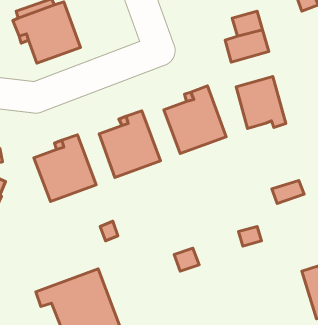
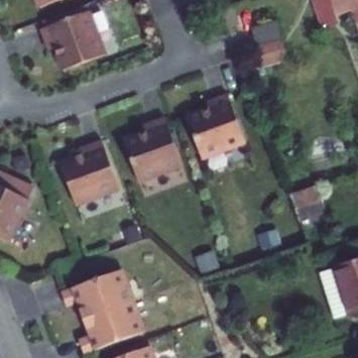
building: [236,76,286,128] -> none

